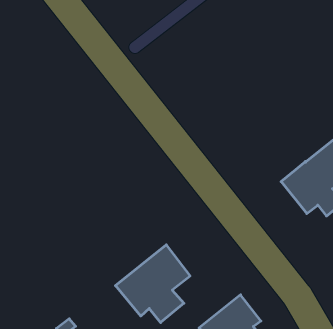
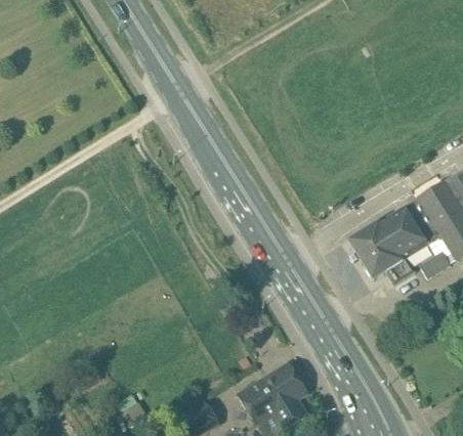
building: [115,245,190,323] -> none

